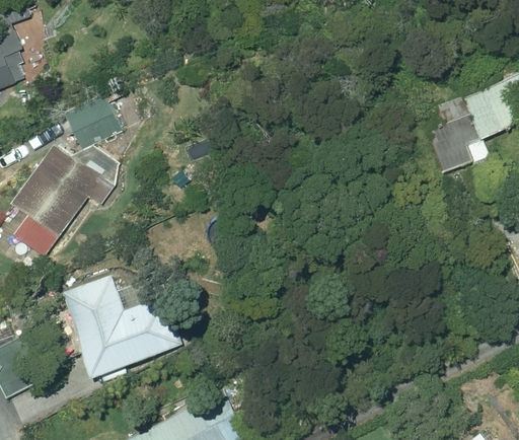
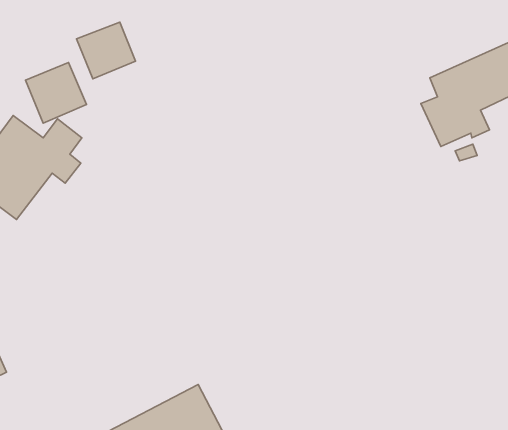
building: none -> [76,22,135,79]
building: [61,277,180,378] -> none

